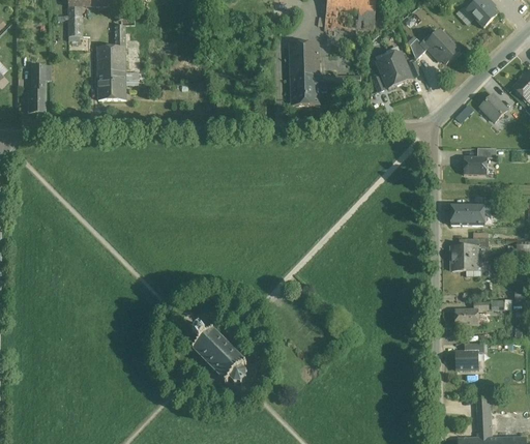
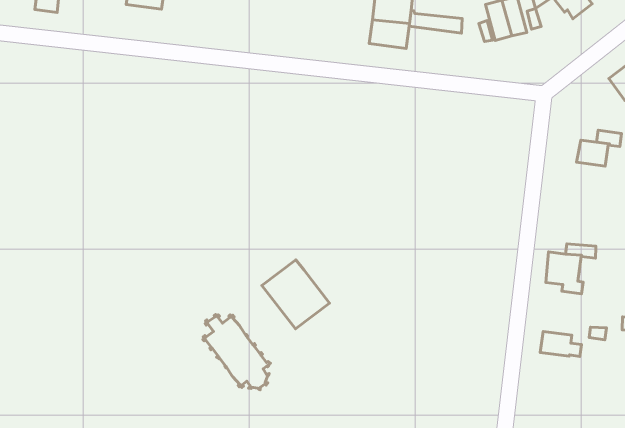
building: [451,202,484,224] -> none
building: none -> [262,260,329,329]
building: [457,350,478,368] -> none

